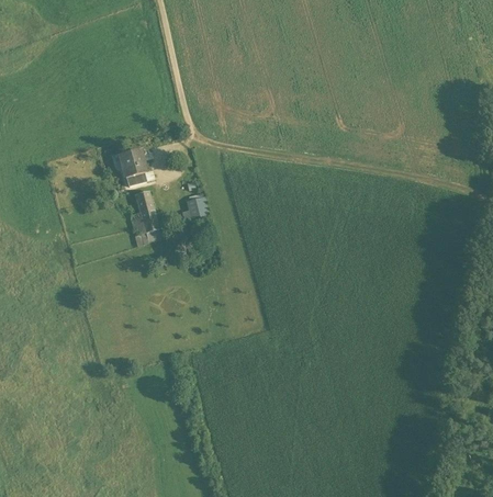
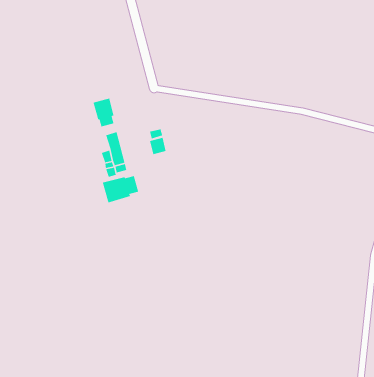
building: none -> [102,175,139,204]

